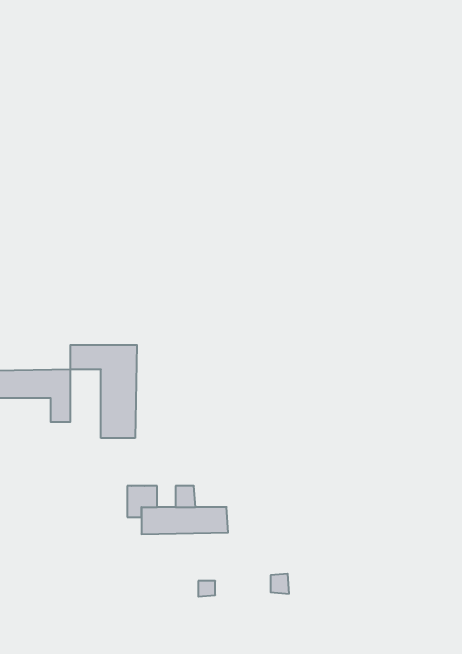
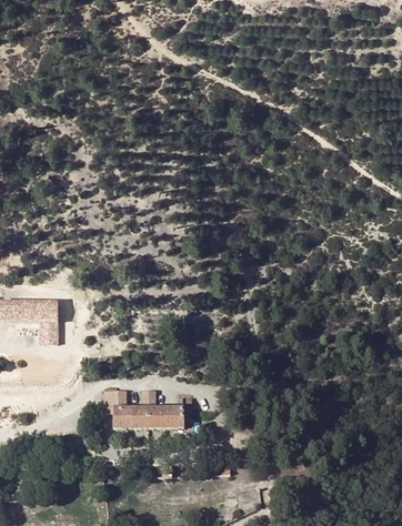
building: [70,345,137,438] -> none

